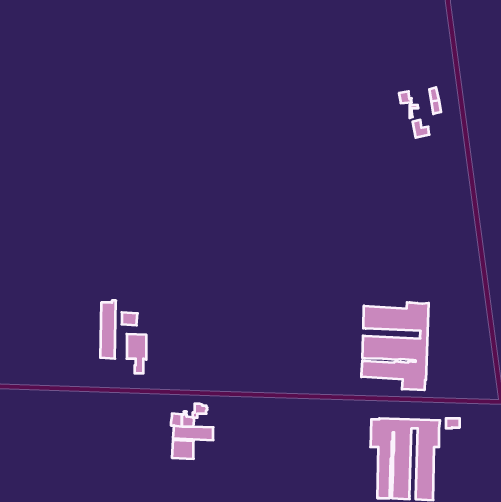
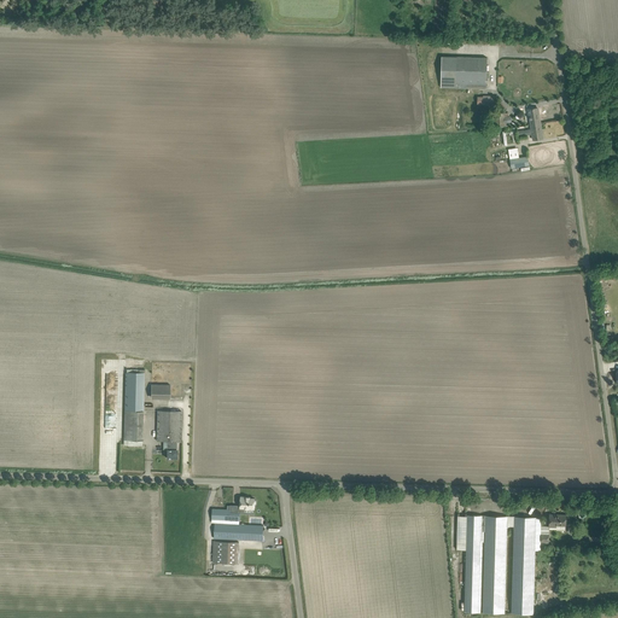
building: none -> [439,57,486,88]
building: [361,302,429,390] -> none

